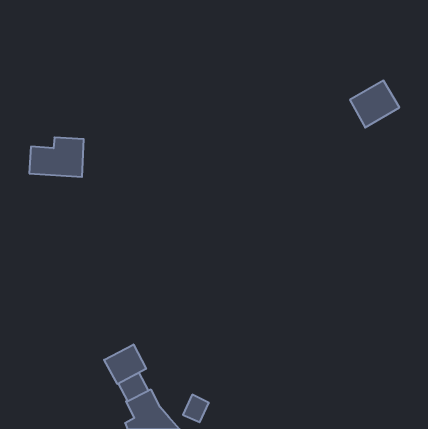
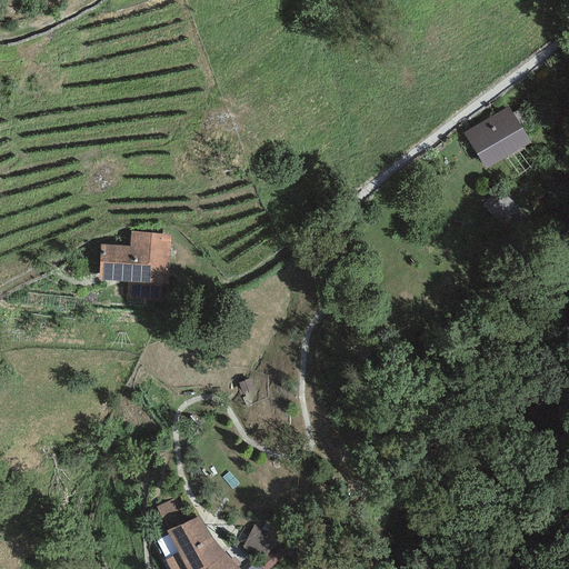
building: [29,137,84,177] -> [99,232,171,284]
building: [104,344,146,384] -> none

